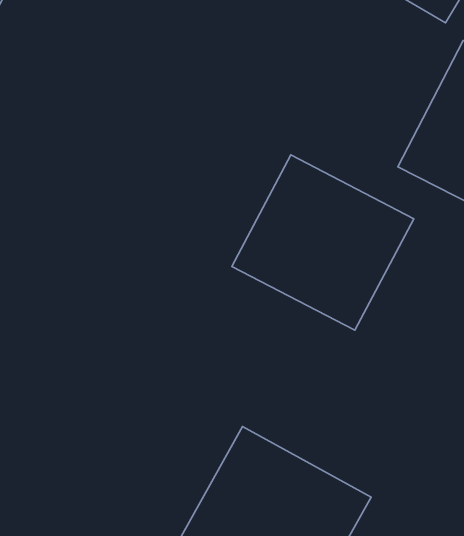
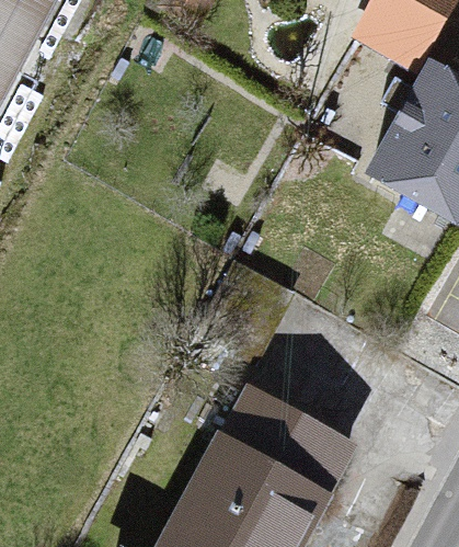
building: [232,155,414,330] -> none

